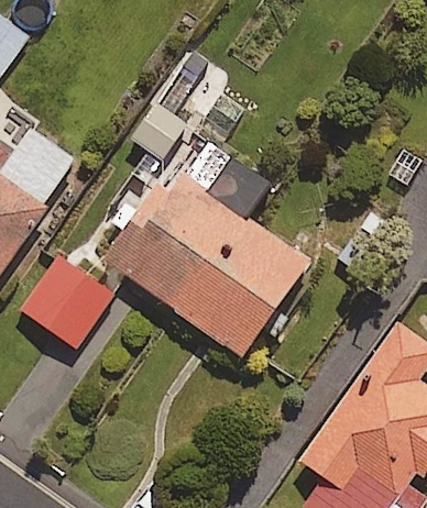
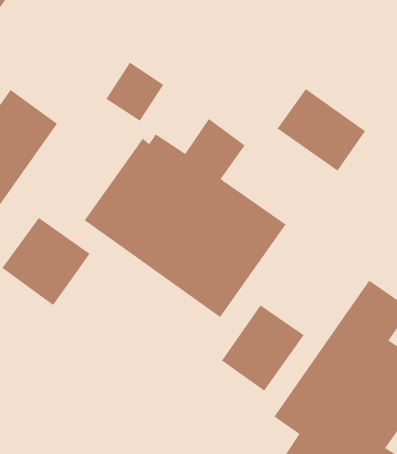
building: none -> [277,88,366,172]
building: none -> [221,305,305,392]

